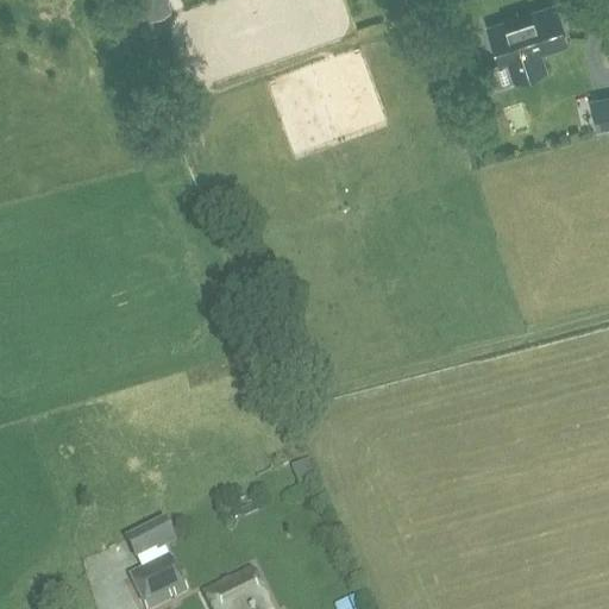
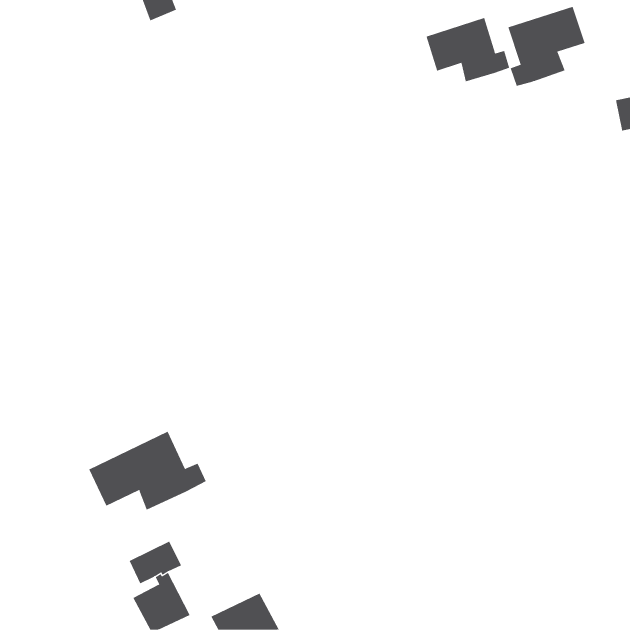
building: none -> [426,17,510,82]
building: none -> [89,431,206,510]

